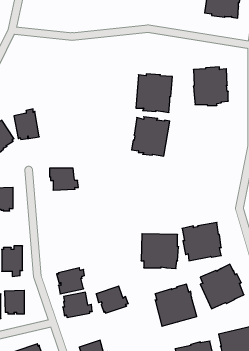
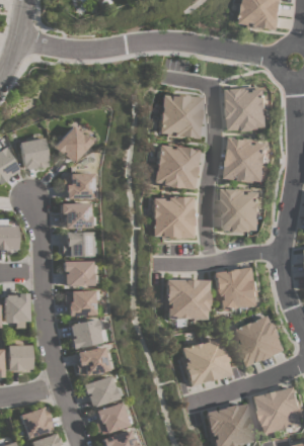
building: none -> [53,126,91,162]
building: none -> [226,137,270,182]
building: none -> [63,174,95,199]
building: none -> [221,188,261,232]
building: none -> [155,195,195,239]
building: none -> [62,233,95,257]
building: none -> [63,261,96,286]
building: none -> [64,290,97,317]
building: [96,286,128,313] -> [82,375,120,407]

